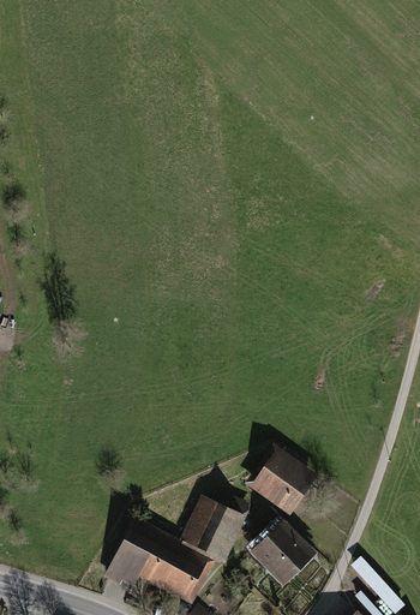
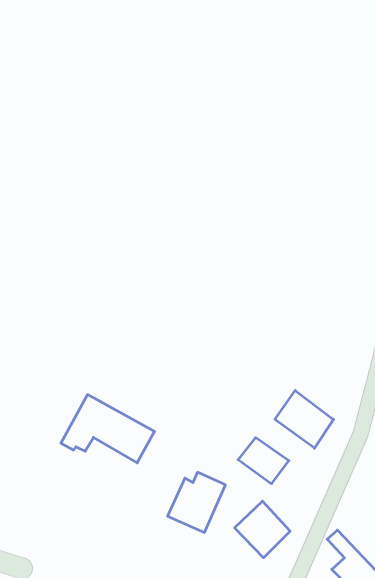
building: none -> [275,390,334,448]
building: [107,526,204,597] -> [61,395,155,463]

